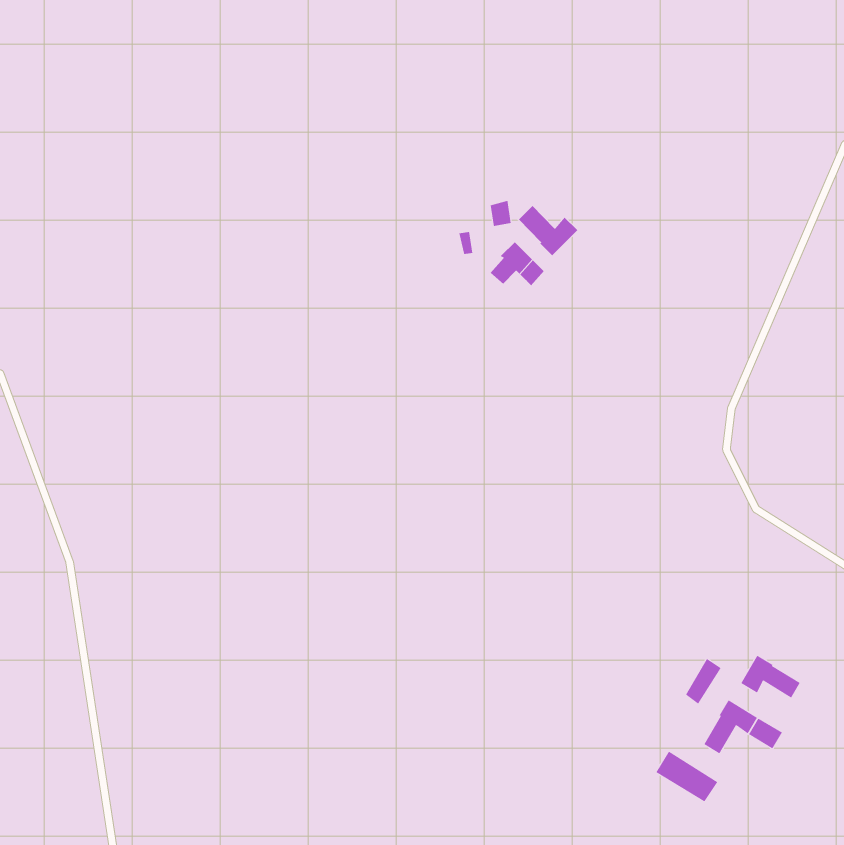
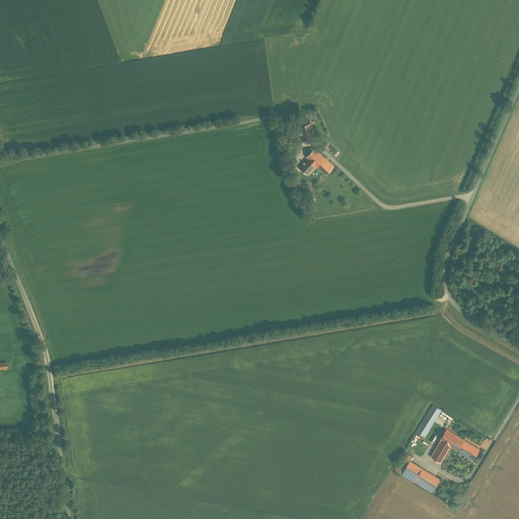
building: [518,205,578,256] -> none
building: [740,655,801,698] -> none

